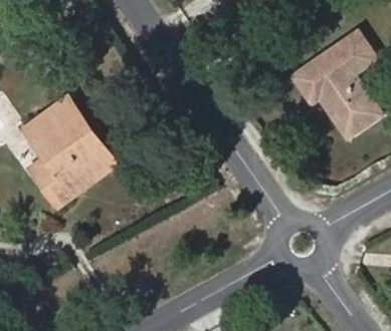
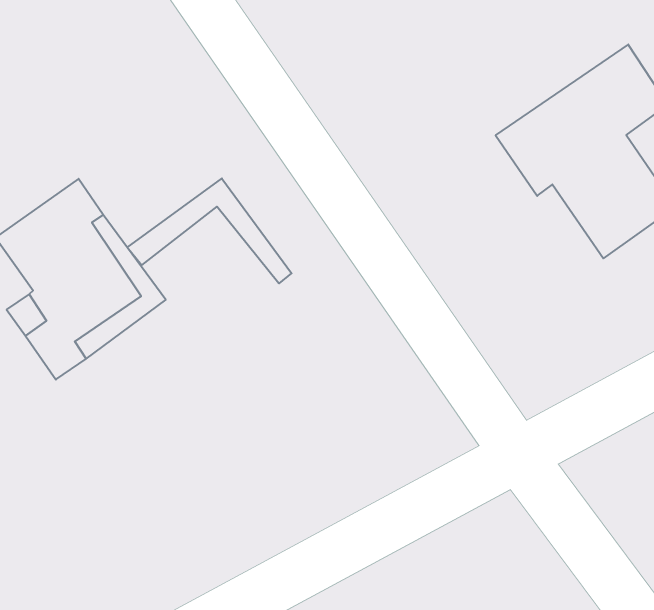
building: none -> [127,178,292,283]

